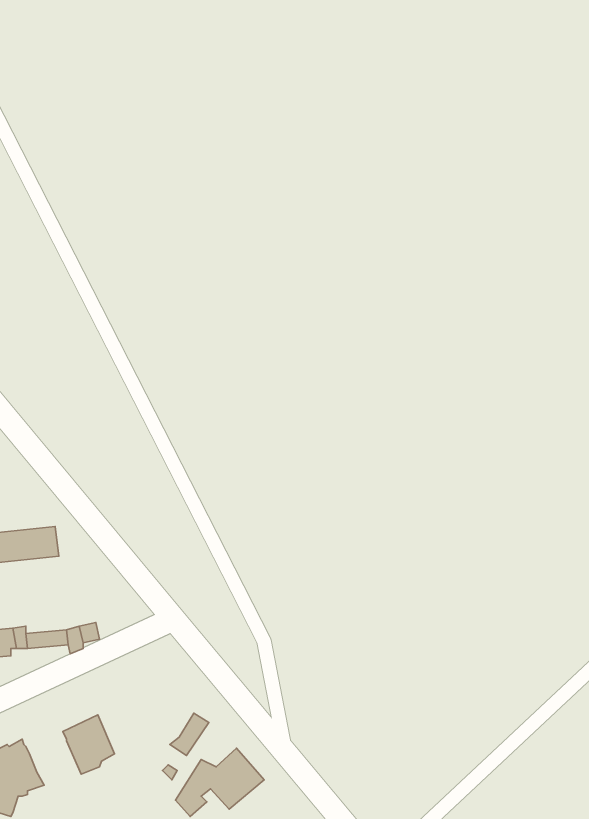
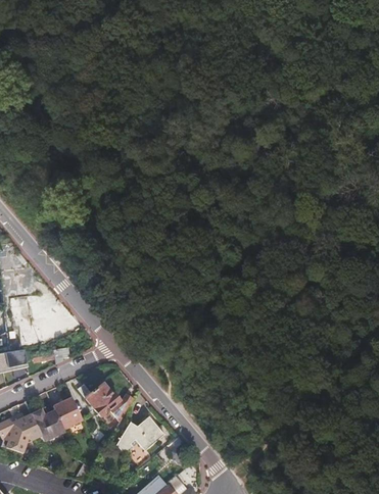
building: none -> [77,384,119,417]
building: none -> [31,410,63,442]

